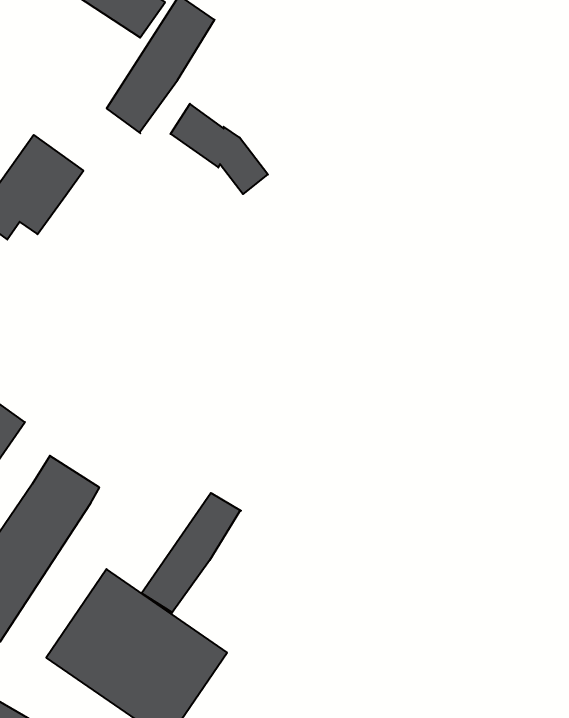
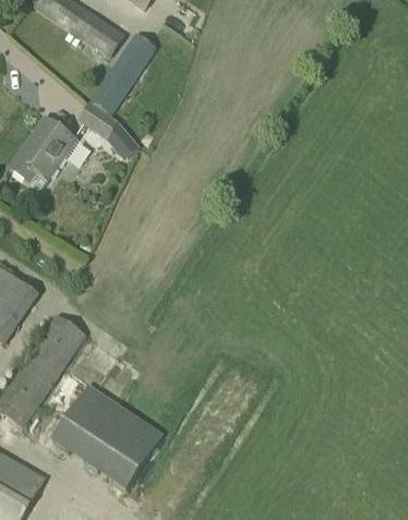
building: [170,104,268,194] -> [77,100,137,156]
building: [141,493,241,613] -> none

